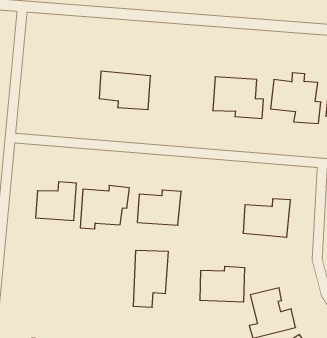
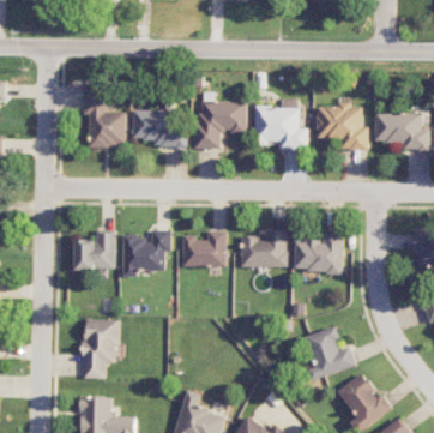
building: none -> [83,86,126,148]
building: none -> [197,101,246,149]
building: [133,251,168,307] -> [83,319,117,379]
building: [200,266,245,302] -> [240,231,288,269]

